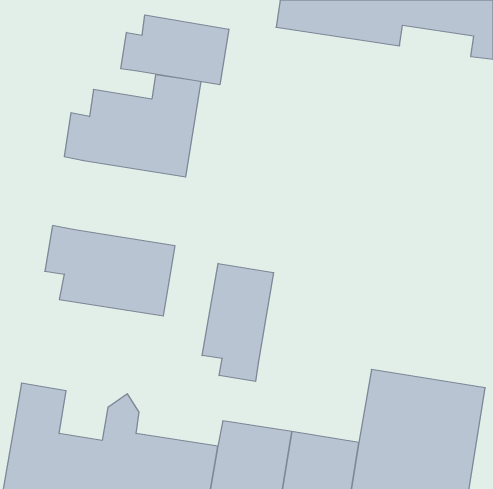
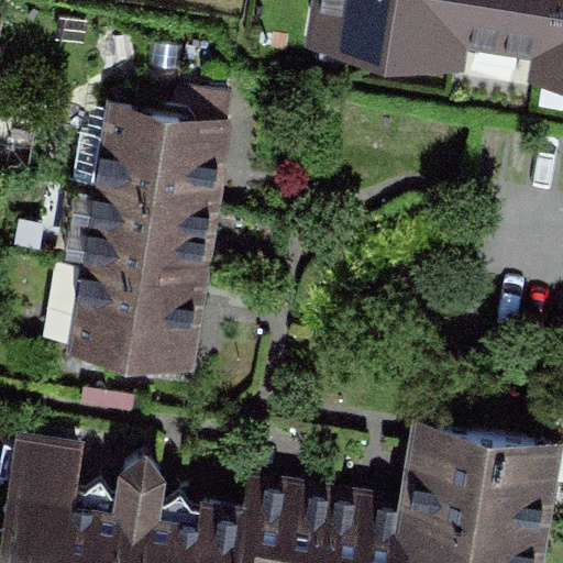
building: [121,15,229,85] -> none
building: none -> [82,190,210,287]
building: [202,263,274,381] -> none

